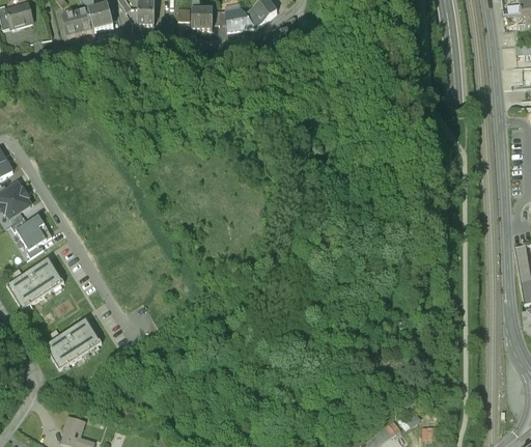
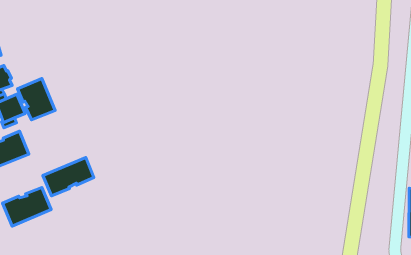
building: none -> [18,78,55,120]
building: none -> [43,158,94,196]

